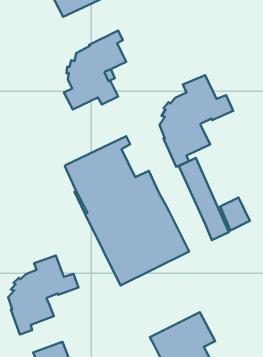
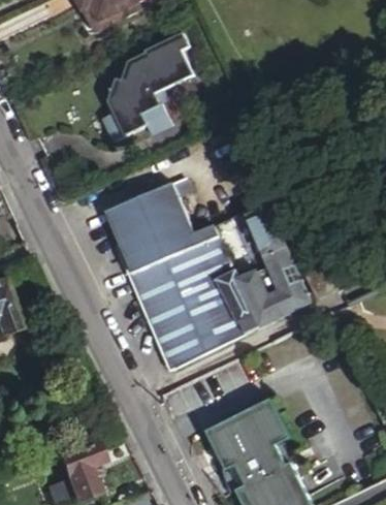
building: [159,75,233,167] -> none
building: none -> [238,271,290,324]
building: [8,256,79,334] -> none

